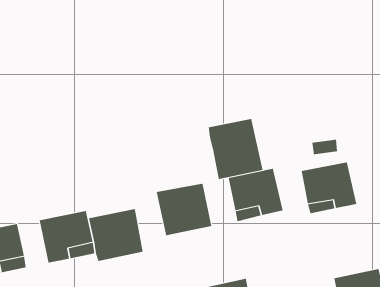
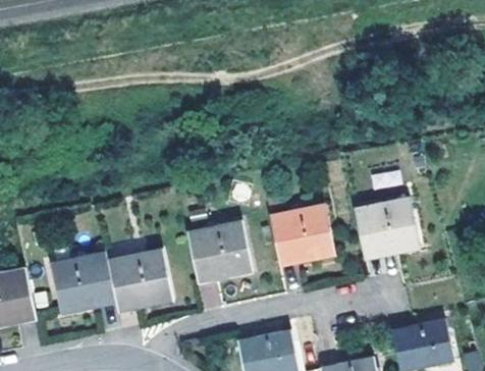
building: [208,118,263,180] -> none

